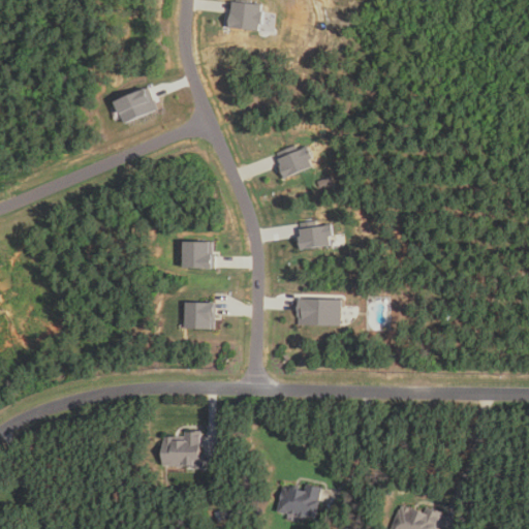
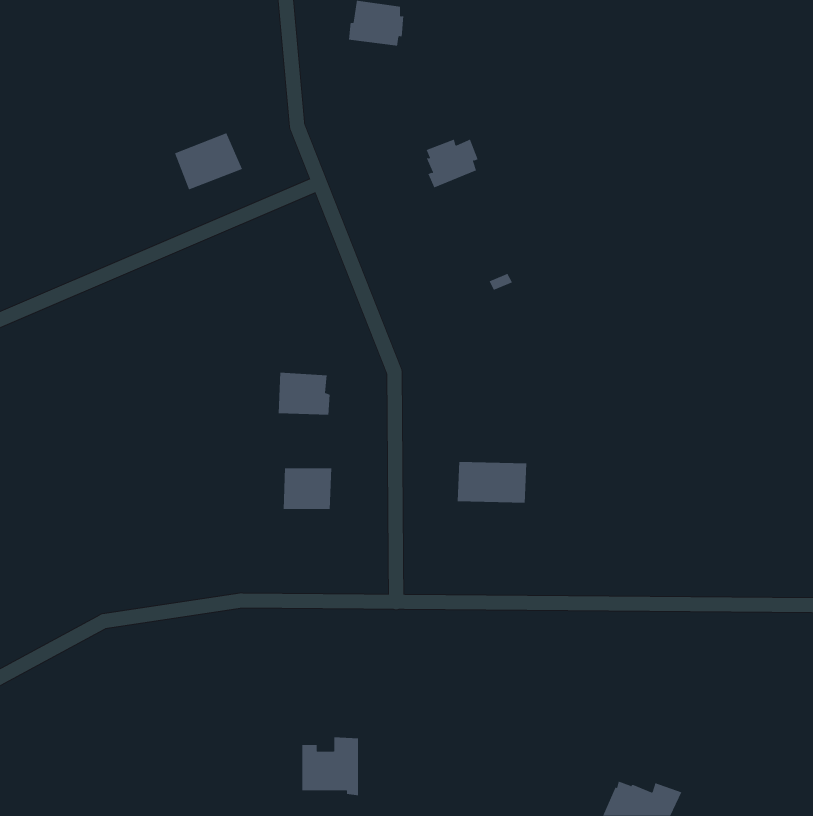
building: [276,145,310,177] -> [426,139,479,188]
building: [295,224,331,248] -> none
building: [162,431,199,469] -> [301,737,359,796]
building: [276,485,320,519] -> none

